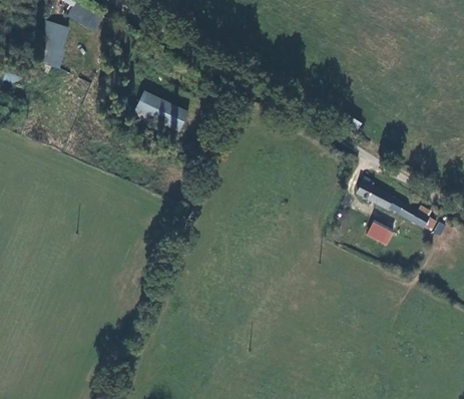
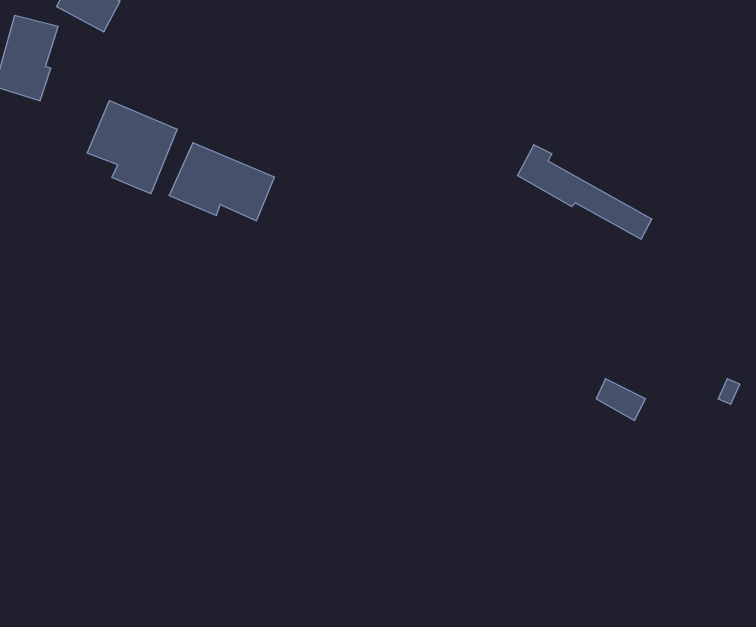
building: none -> [87,101,177,194]
building: [355,175,429,228] -> [517,145,652,239]

